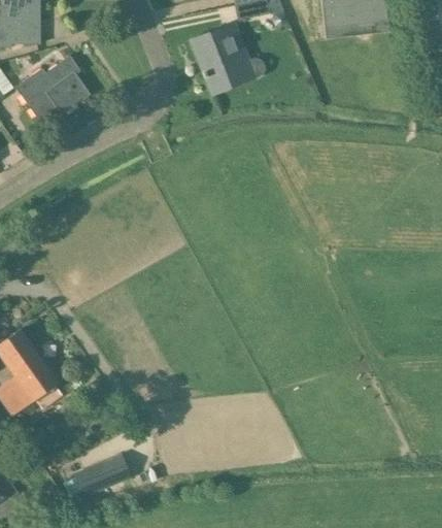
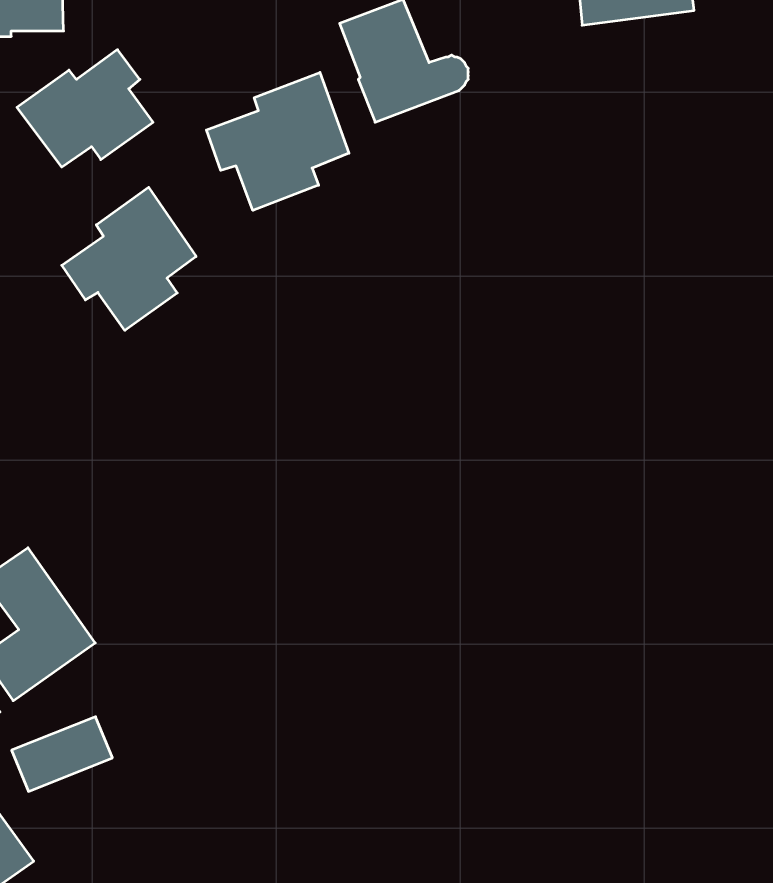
building: none -> [206,72,349,210]
building: none -> [62,187,196,330]
building: [75,454,131,495] -> [12,717,112,791]

